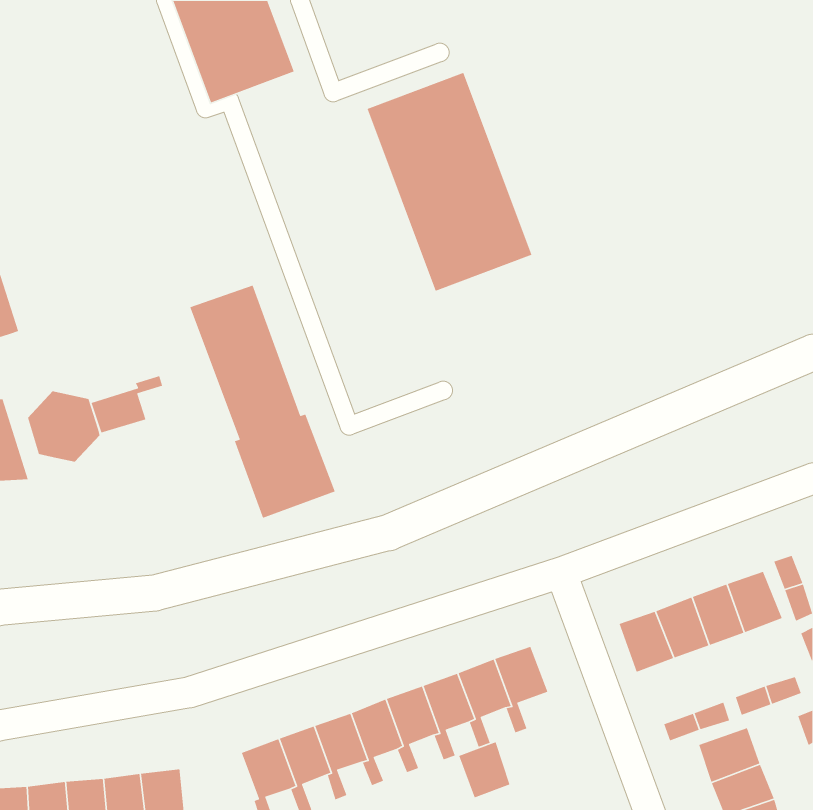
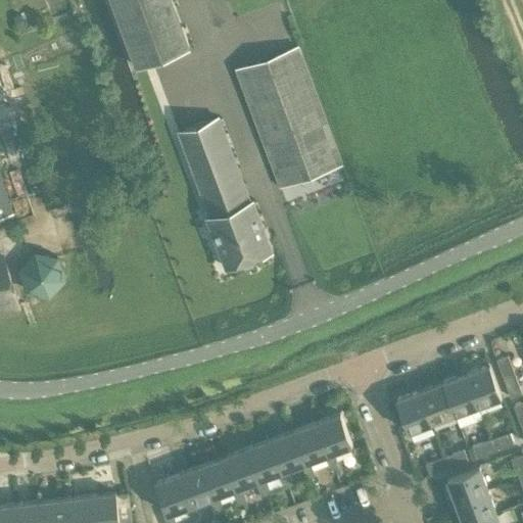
building: [189,284,336,519] -> [178,121,272,271]
building: [90,375,163,433] -> none
building: [458,741,511,799] -> none

